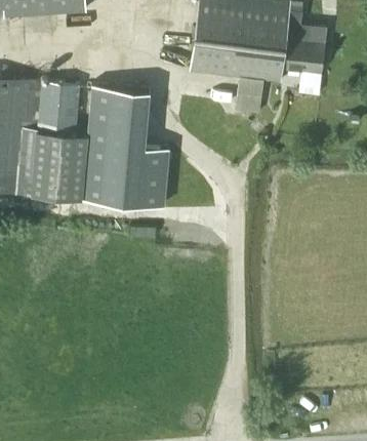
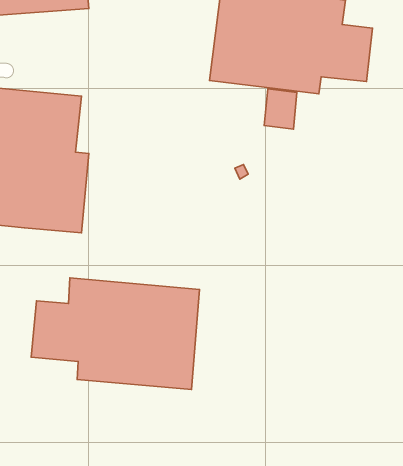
building: [81,86,168,208] -> none
building: none -> [31,278,199,389]

